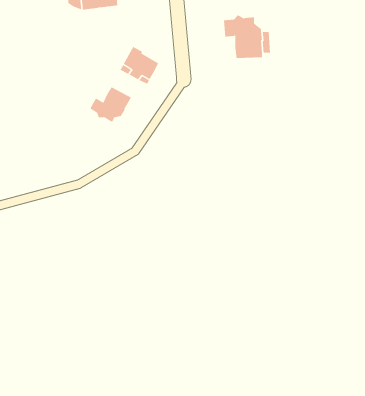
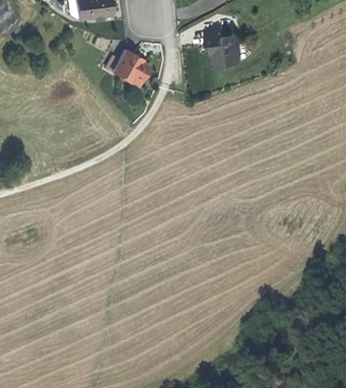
building: [89,86,132,123] -> none

